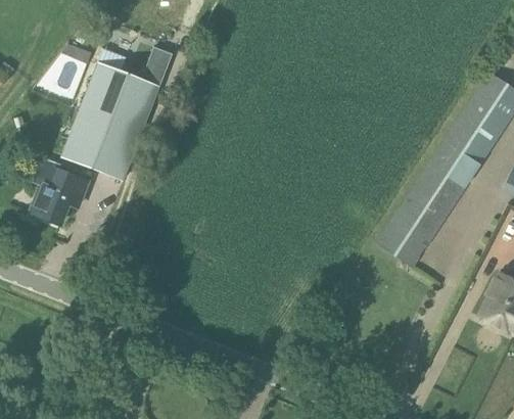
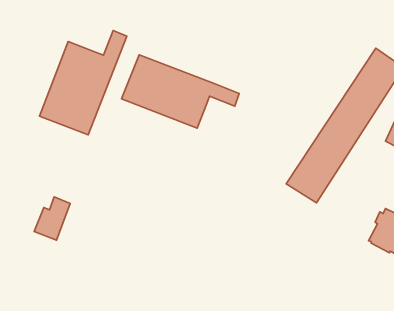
building: none -> [122,55,239,128]
building: [31,168,77,223] -> [34,197,70,240]

